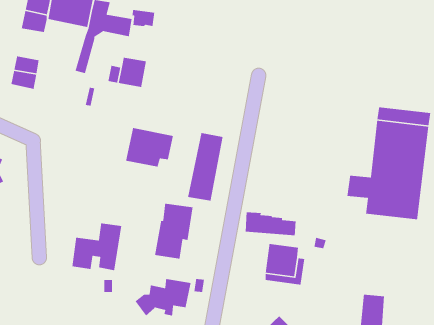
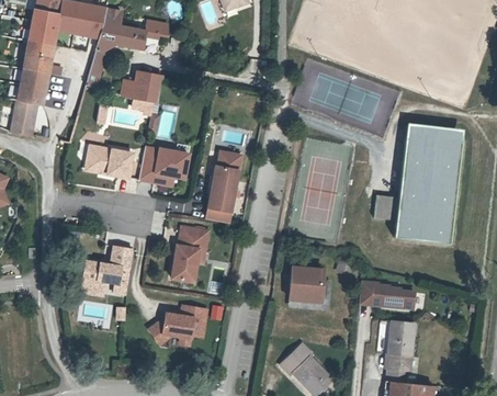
building: none -> [23,41,53,73]
building: none -> [11,100,37,135]
building: none -> [83,145,135,180]
building: [245,211,296,236] -> [359,282,414,308]

